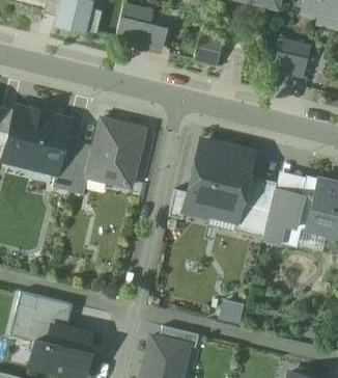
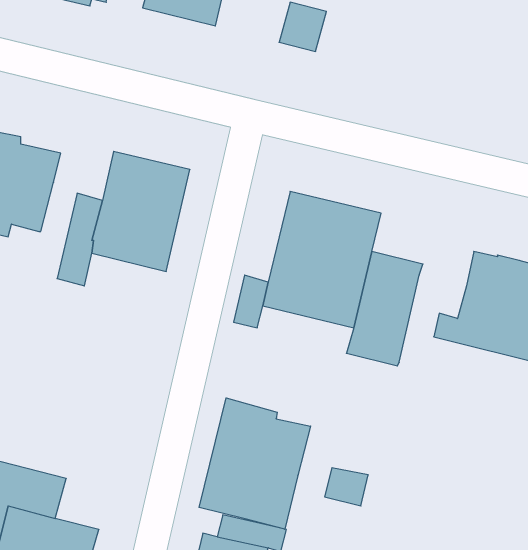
building: [276,43,309,75] -> none
building: [52,136,81,191] -> none
building: [263,189,302,243] -> none
building: none -> [199,398,311,529]

